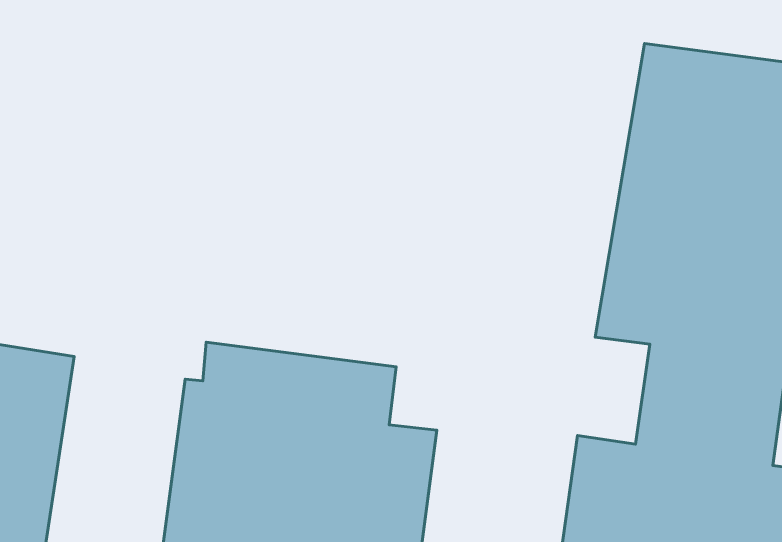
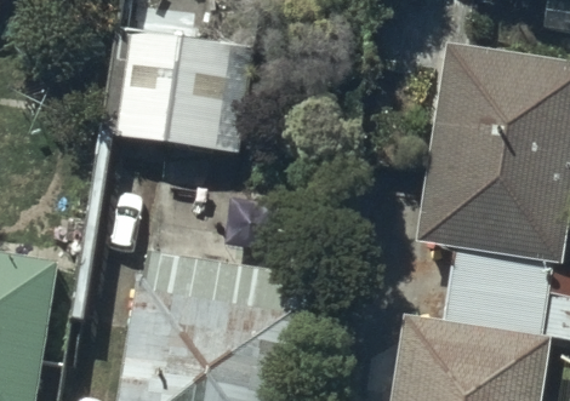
building: none -> [118,33,243,149]

